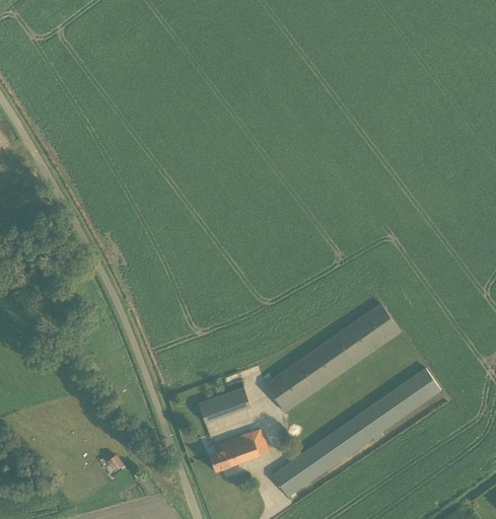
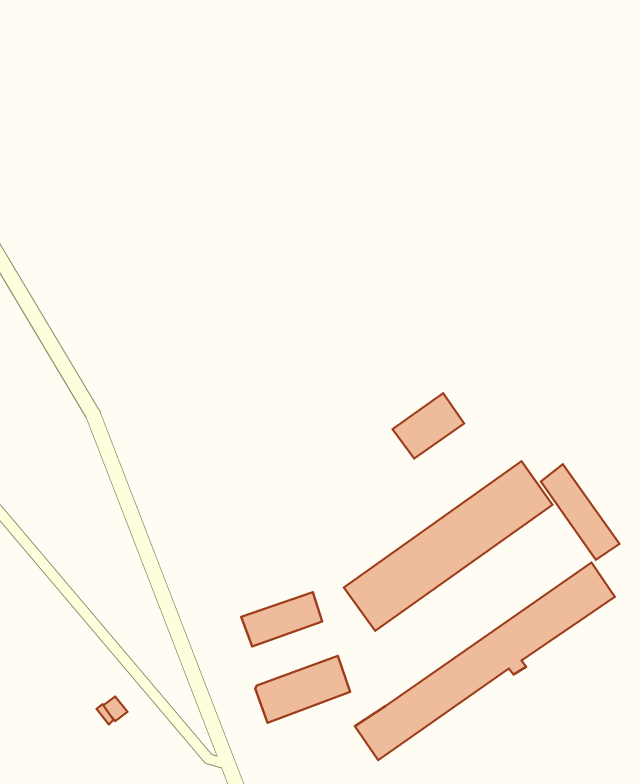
building: none -> [392,393,464,458]
building: none -> [541,464,619,560]

